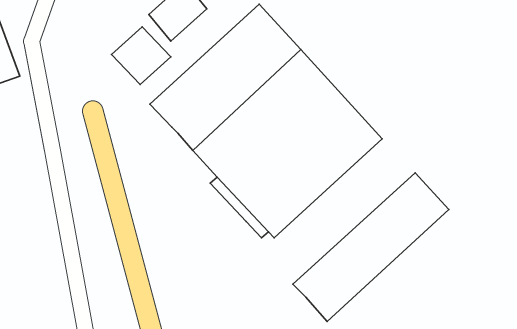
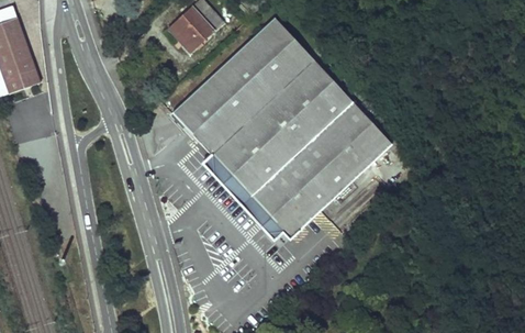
building: [111,27,171,85] -> none
building: [293,173,449,322] -> none

